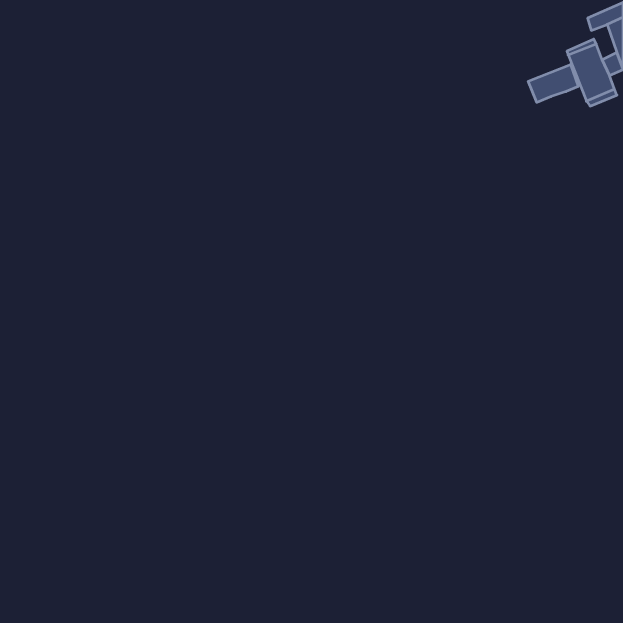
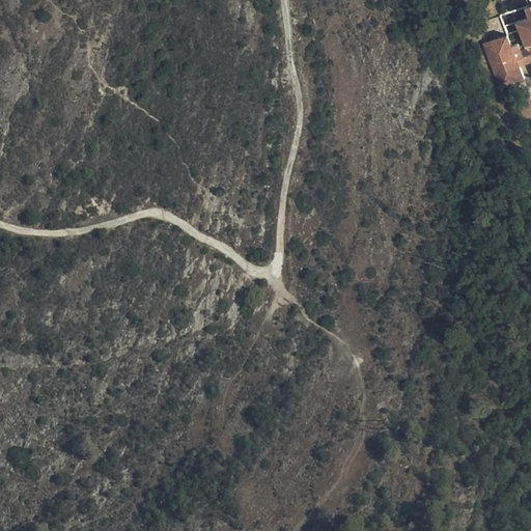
building: [528,65,578,102] -> none

